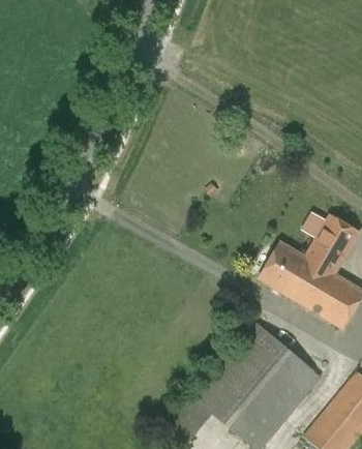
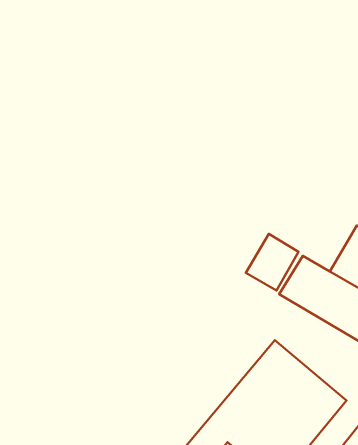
building: none -> [246,234,299,290]

